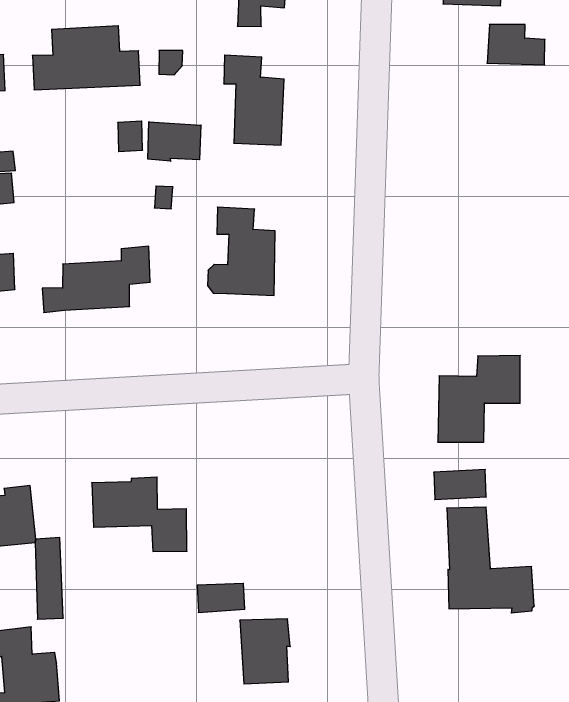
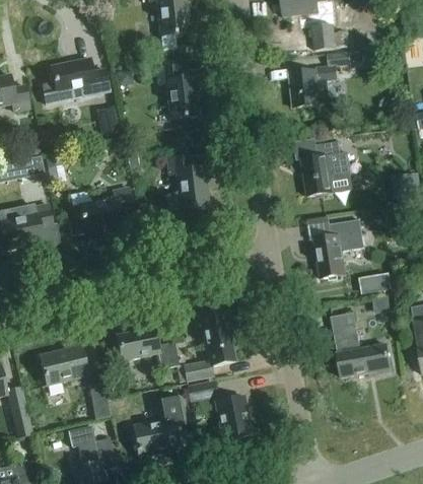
building: none -> [289,51,352,108]
building: [148,122,201,161] -> none
building: none -> [301,141,351,197]
building: [434,470,486,500] -> [360,269,394,291]
building: none -> [177,309,235,382]
building: none -> [132,396,187,456]

